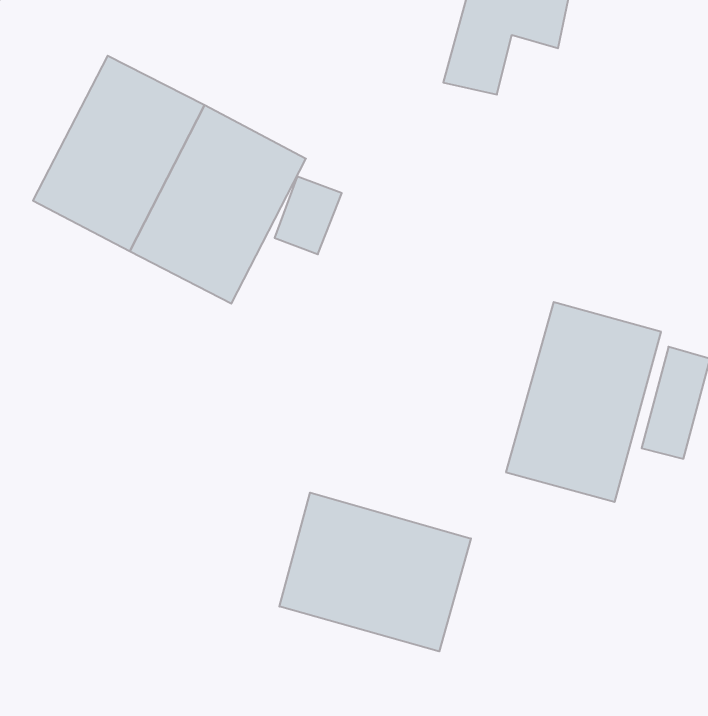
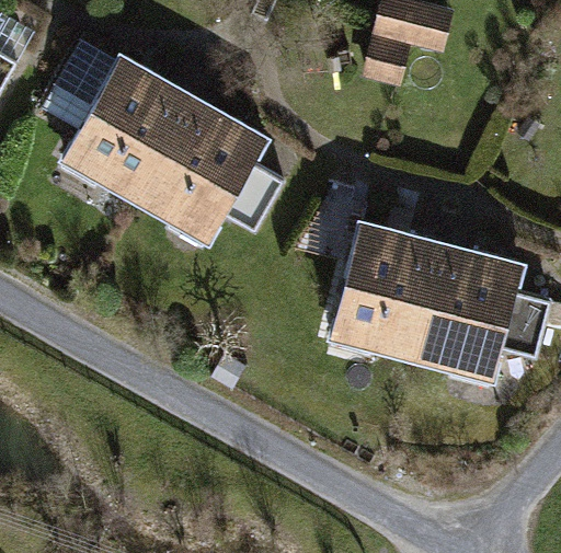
building: none -> [329,217,442,364]
building: [279,493,471,651] -> none

